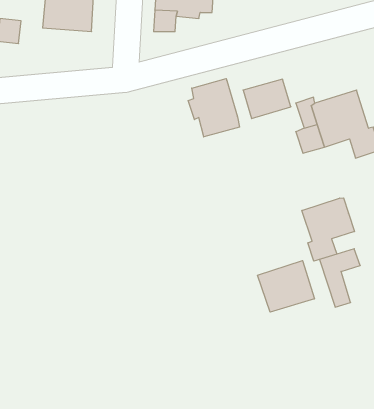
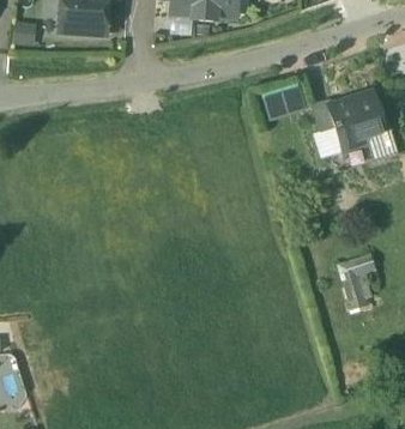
building: [188,79,240,137] -> none
building: [302,198,354,261] -> none
building: [258,261,314,312] -> none

